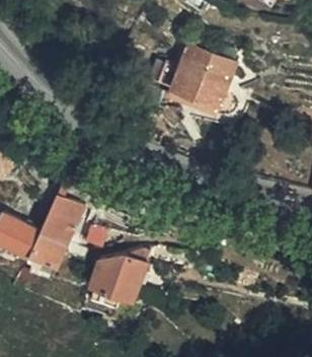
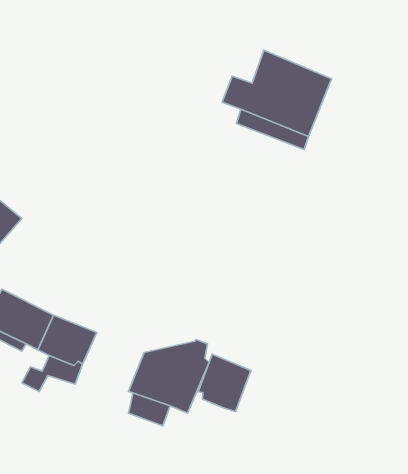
building: [38,190,83,243] -> none
building: none -> [198,354,251,412]

